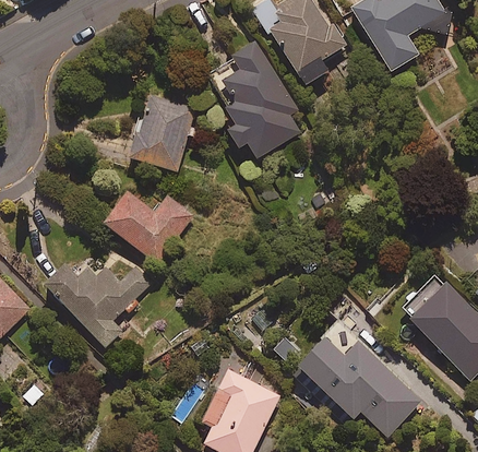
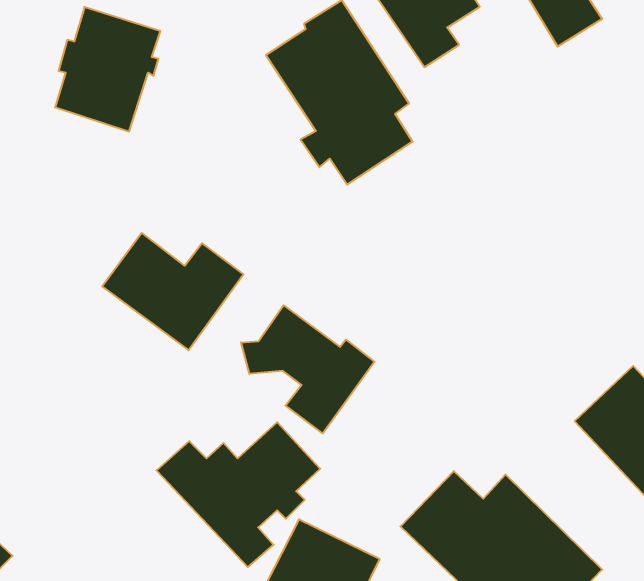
building: [129,93,195,171] -> [55,7,160,131]
building: none -> [241,305,375,433]
building: [46,253,150,345] -> [156,422,320,567]

